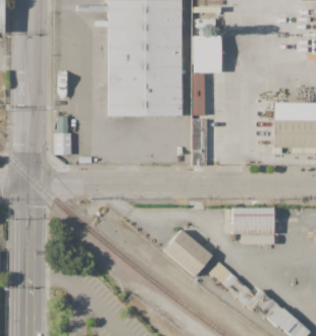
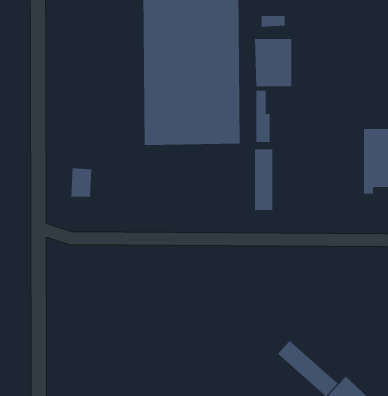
building: [232,208,274,233] -> none
building: [164,229,213,276] -> none

